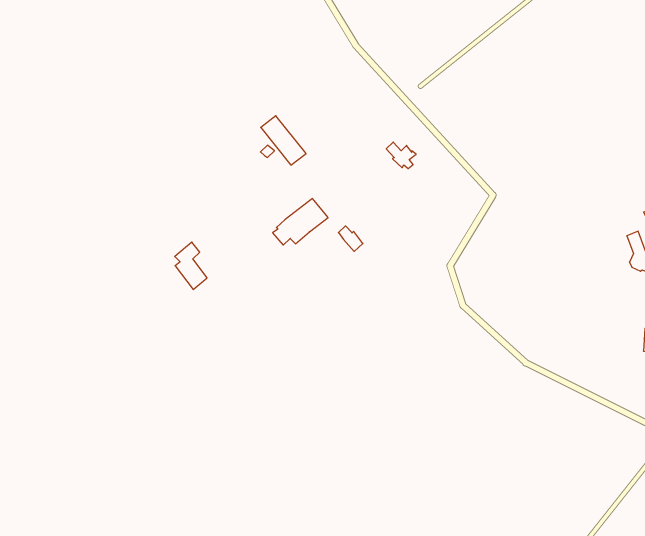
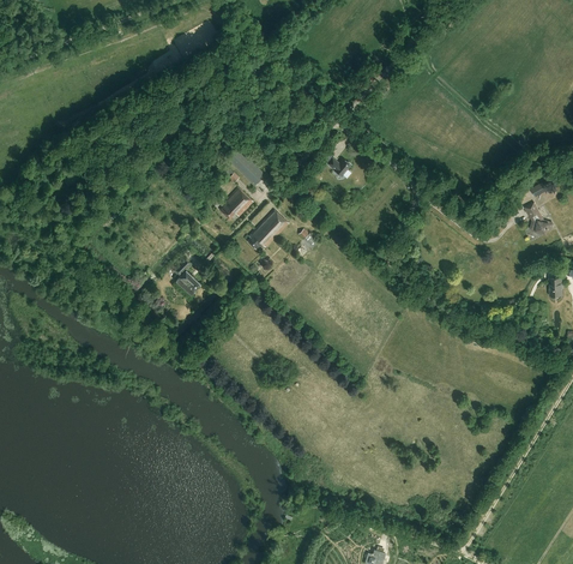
building: none -> [221,187,253,218]

